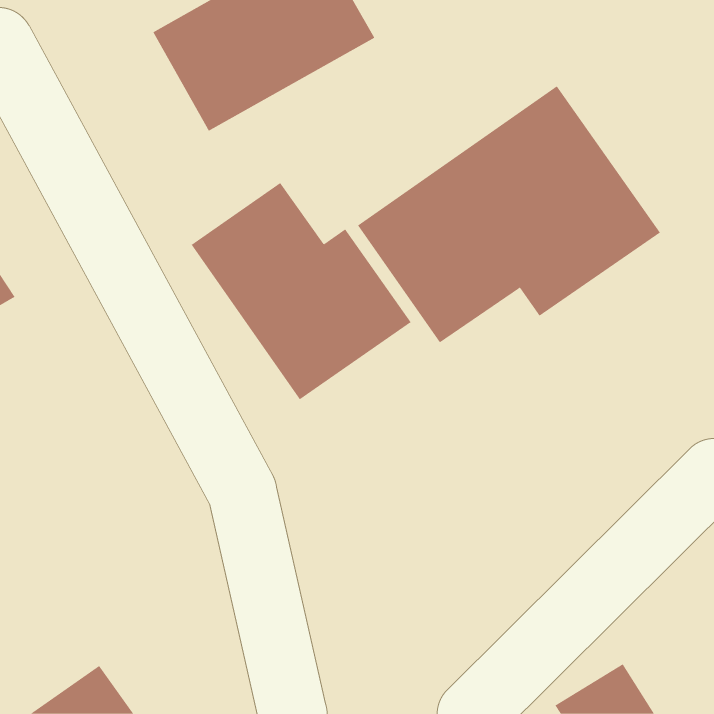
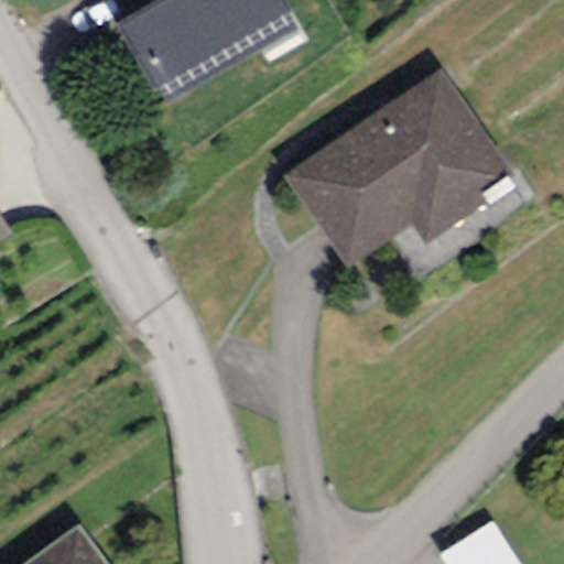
building: [191,182,412,400] -> none

